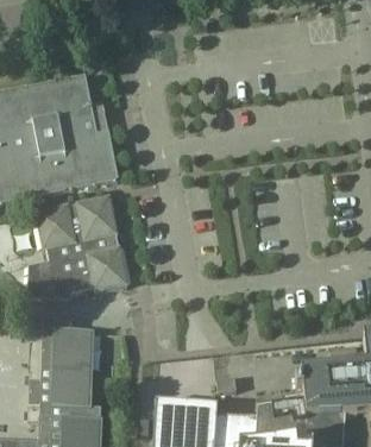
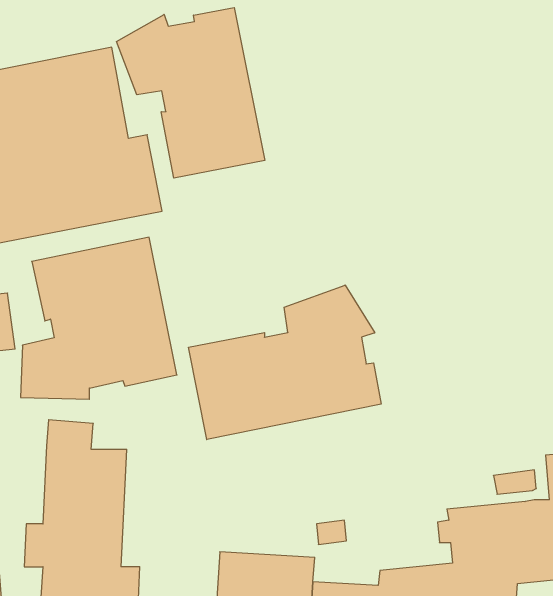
building: none -> [117,8,265,178]
building: none -> [189,285,381,440]

